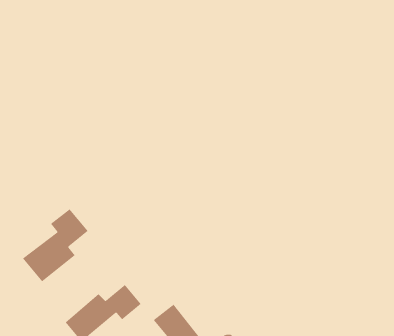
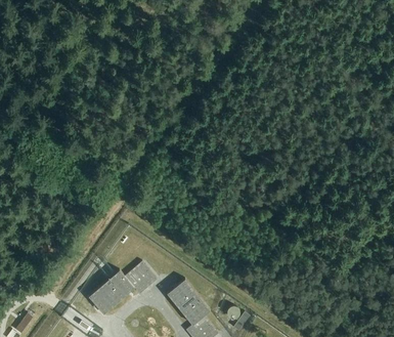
building: [22,209,88,282] -> none

